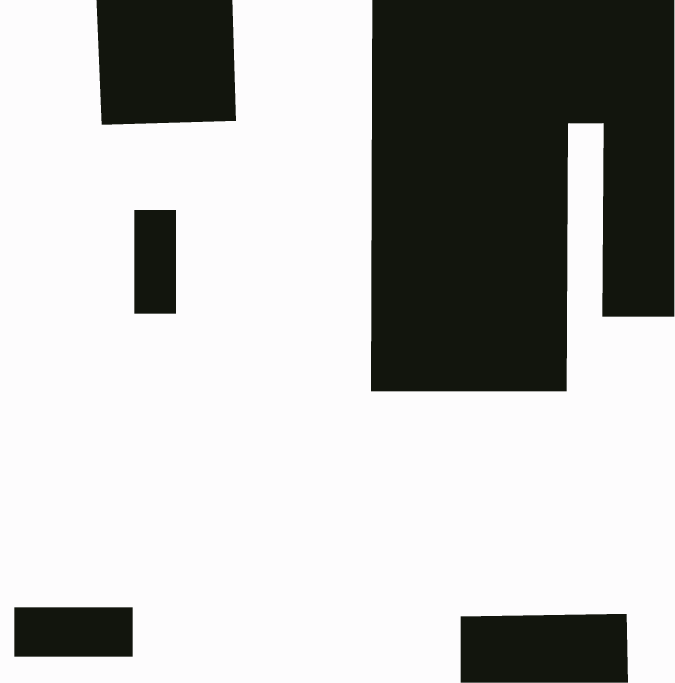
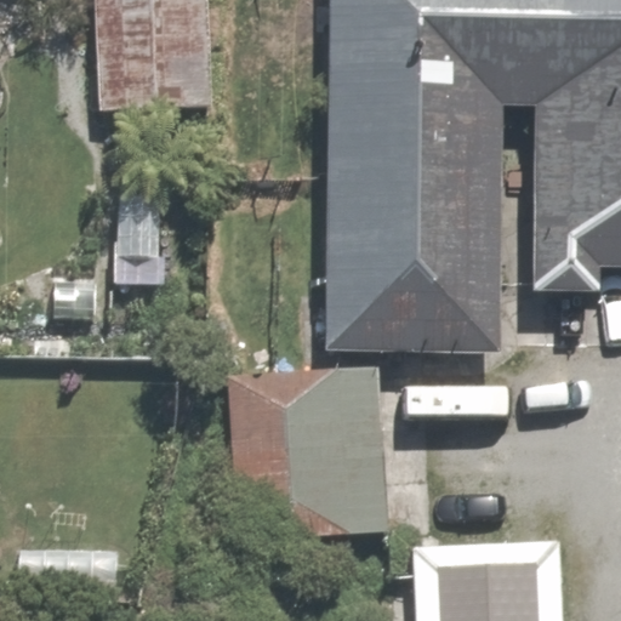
building: none -> [230,369,376,547]

